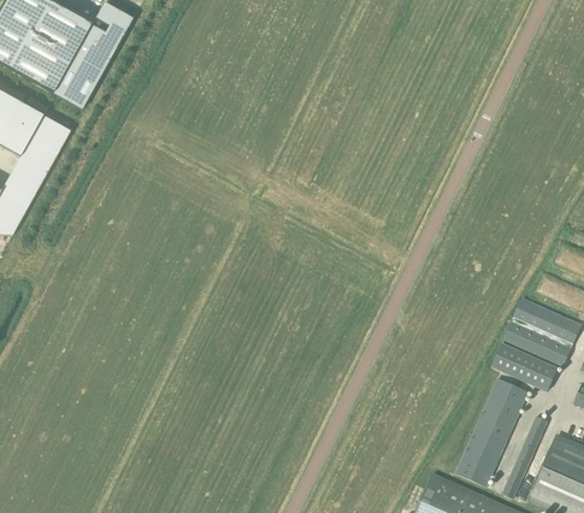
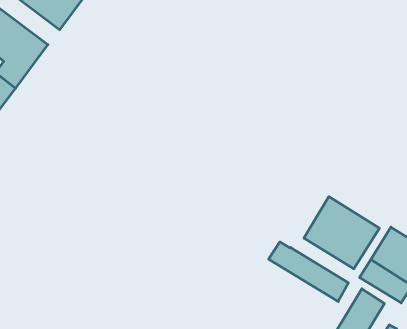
building: none -> [304,197,379,269]
building: none -> [269,242,348,302]

